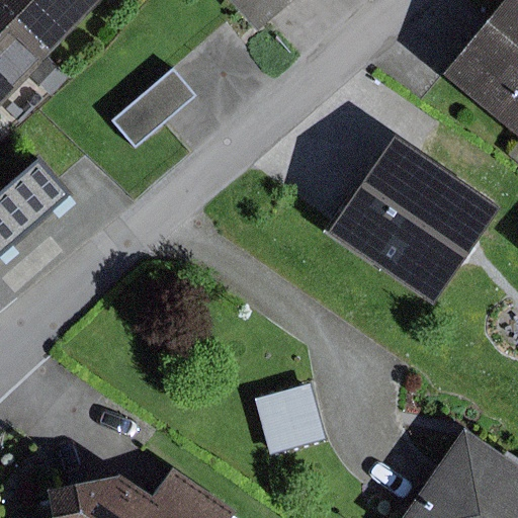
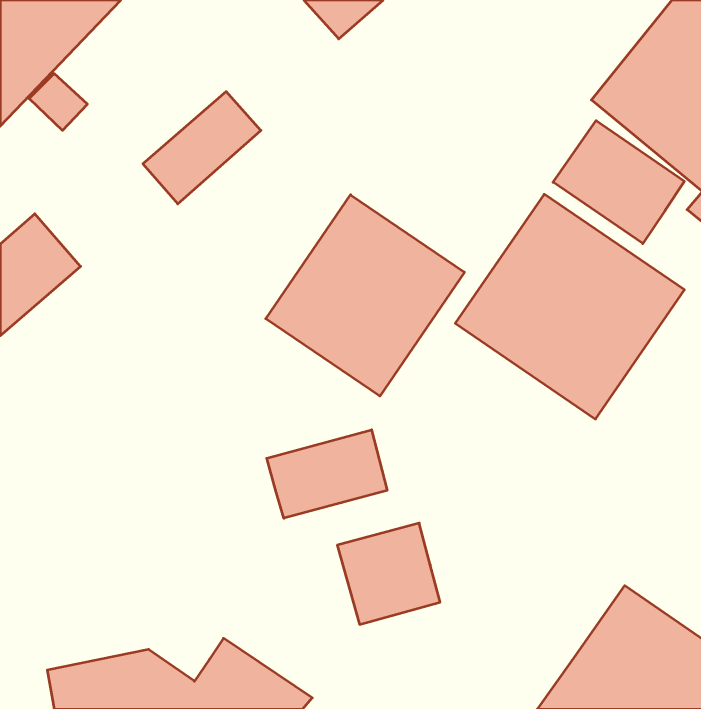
building: none -> [553,121,684,244]
building: none -> [266,195,464,396]
building: none -> [267,430,387,518]

